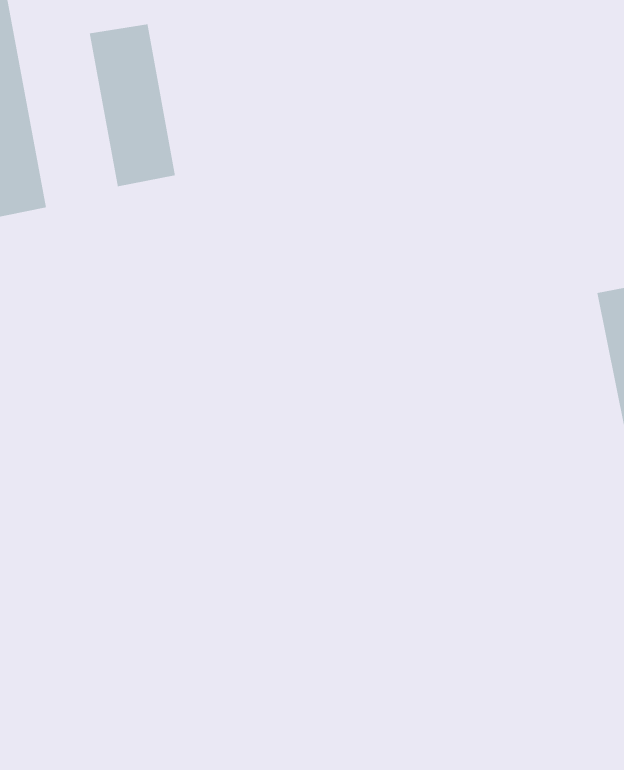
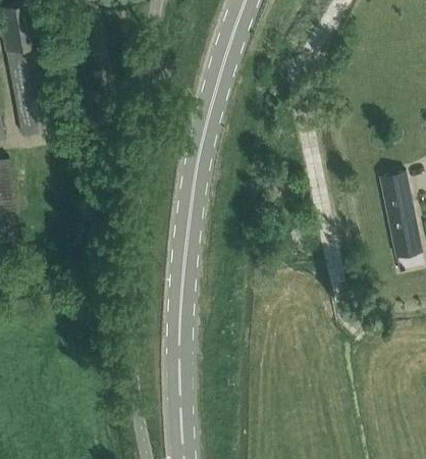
building: [89,24,176,187] -> none

